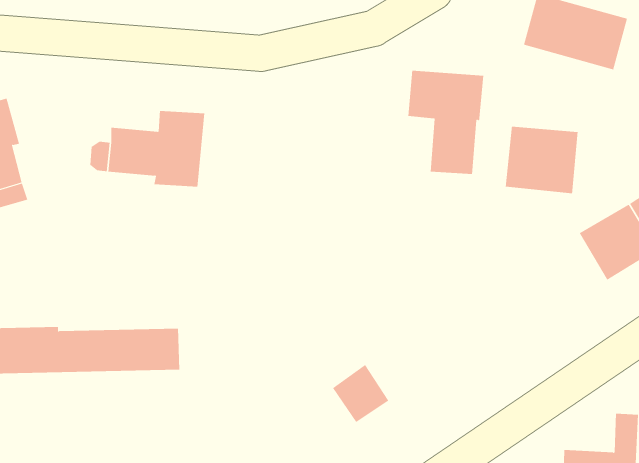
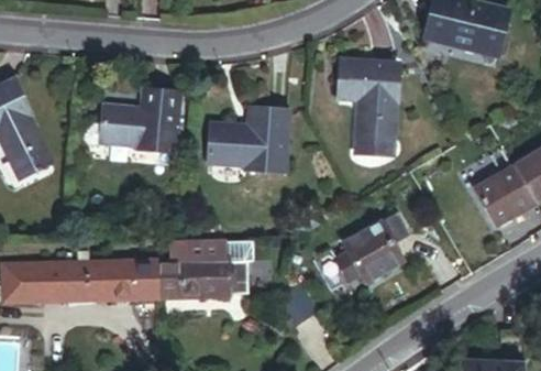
building: [505,126,578,194] -> none
building: none -> [206,107,286,174]
building: none -> [335,212,409,282]
building: none -> [157,241,246,296]

